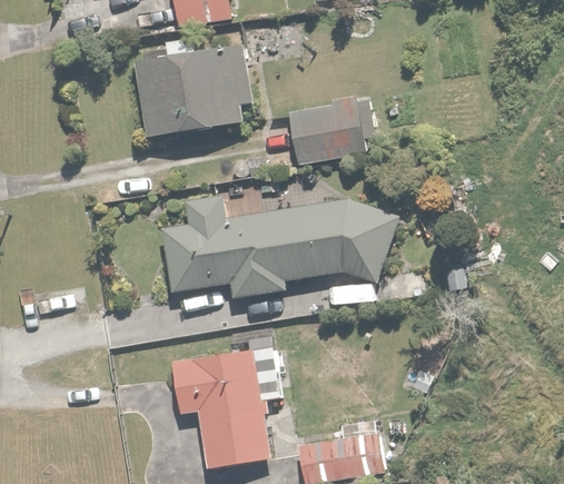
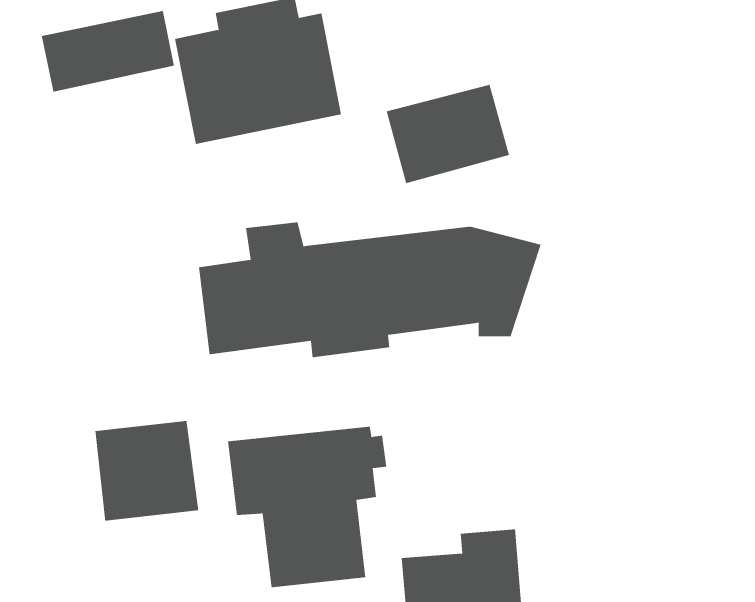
building: none -> [41,10,175,92]
building: none -> [95,420,199,522]

